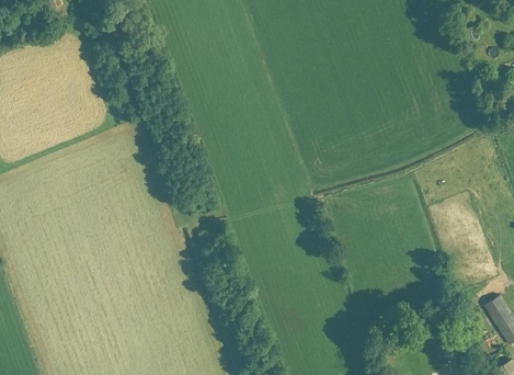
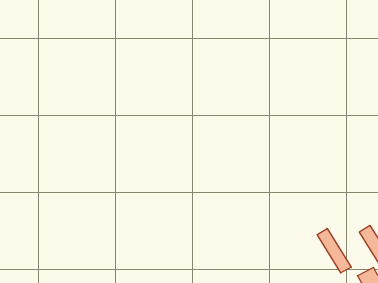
building: none -> [317,228,351,273]

